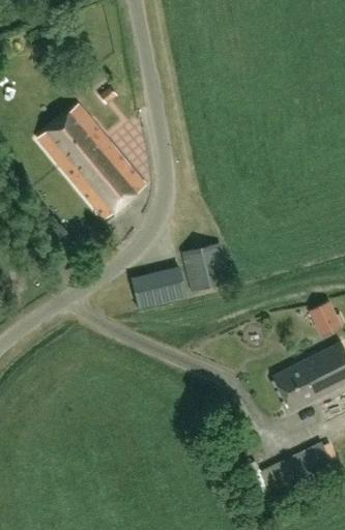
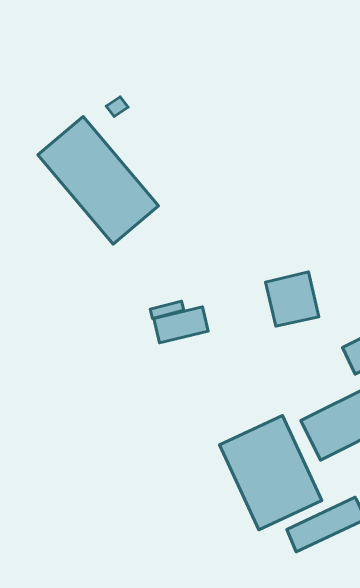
building: [181,243,229,292] -> [266,272,319,326]
building: none -> [219,415,322,530]

